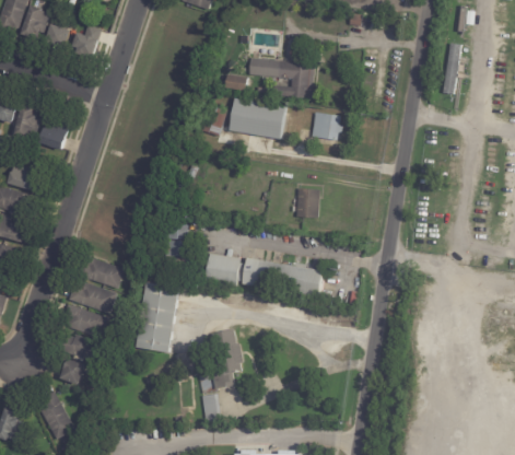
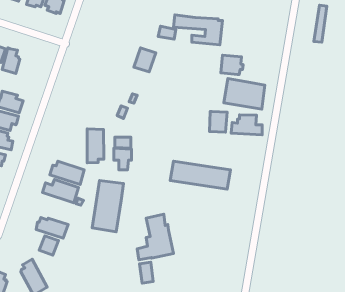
building: [227,97,283,139] -> [224,79,265,109]
building: [37,118,67,148] -> none
building: none -> [231,115,262,135]
building: none -> [87,129,104,163]
building: [202,254,239,288] -> none
building: [62,304,109,337] -> none

